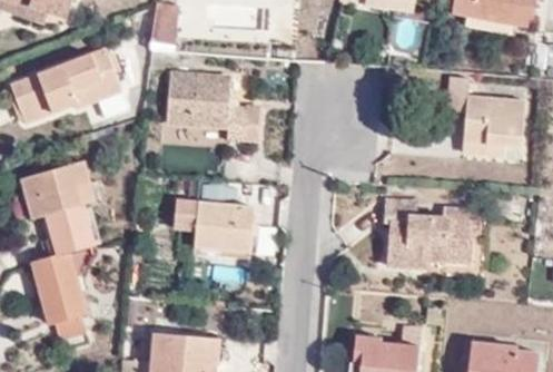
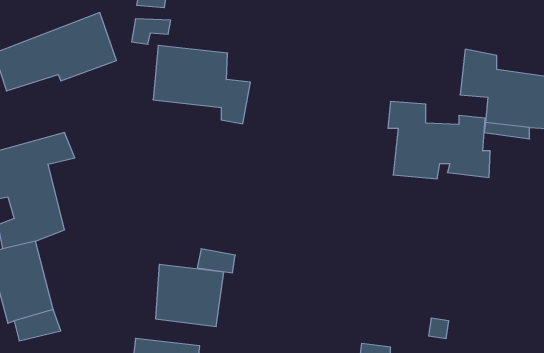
building: [194,202,254,256] -> [156,264,224,326]
building: [385,206,475,274] -> [388,102,490,179]

